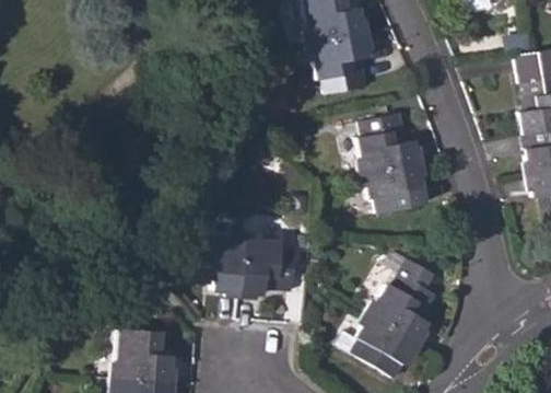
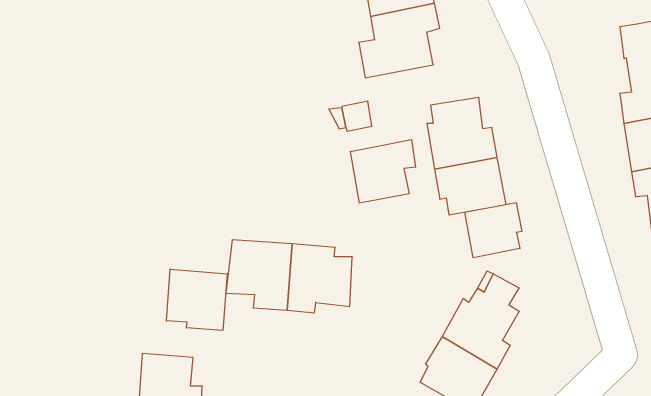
building: none -> [350,140,415,203]
building: none -> [465,203,522,258]
building: none -> [167,269,227,330]

